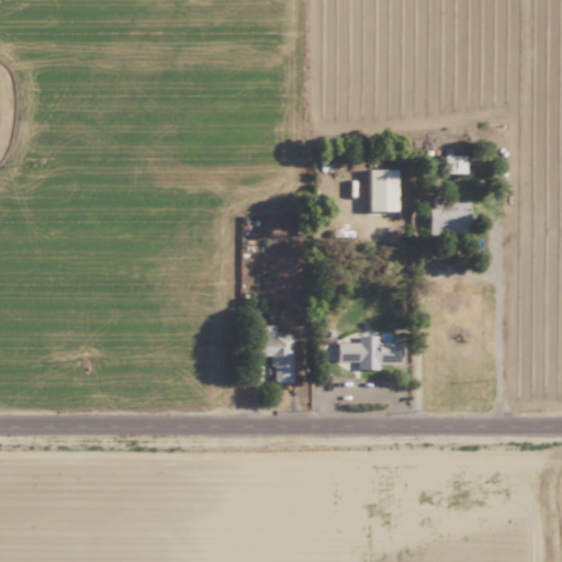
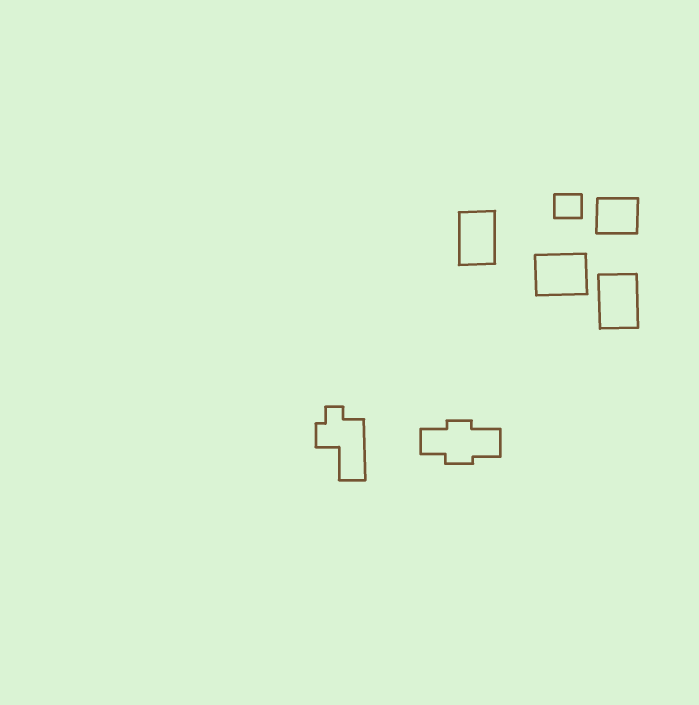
building: none -> [597,198,638,233]
building: none -> [599,274,638,329]

